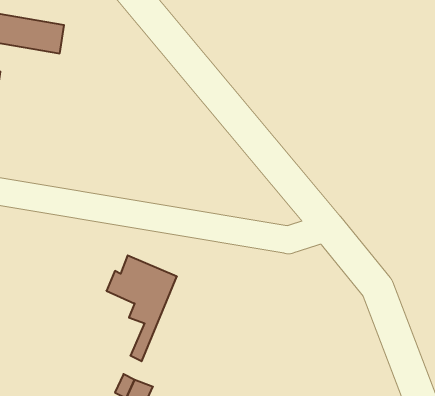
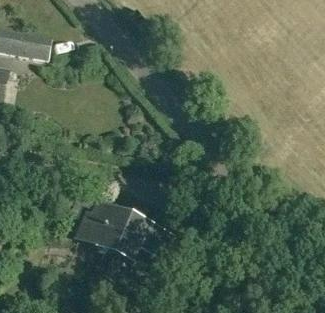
building: none -> [105,216,164,279]

